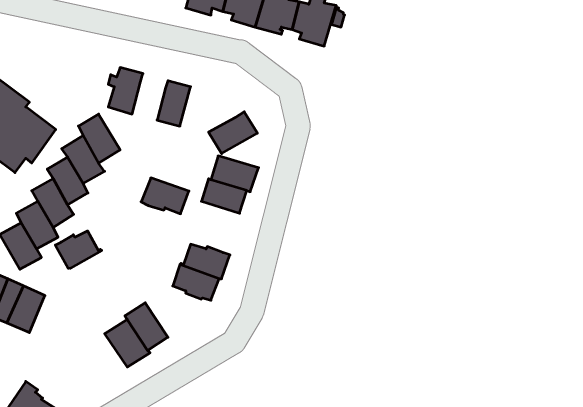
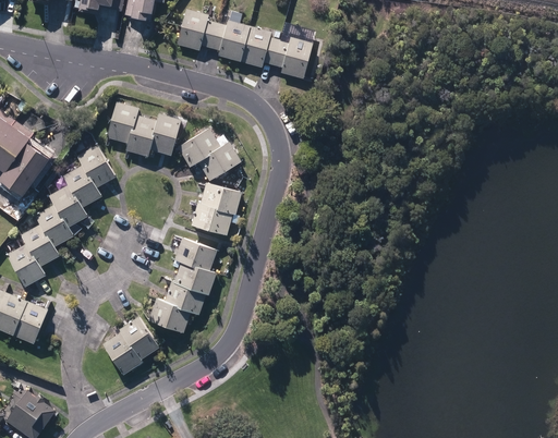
building: none -> [125,114,158,156]
building: none -> [178,127,221,166]
building: [141,178,189,214] -> [174,238,218,270]
building: [55,231,102,268] -> none
building: none -> [148,297,191,332]

